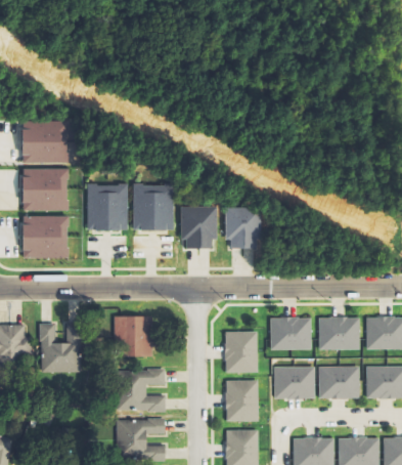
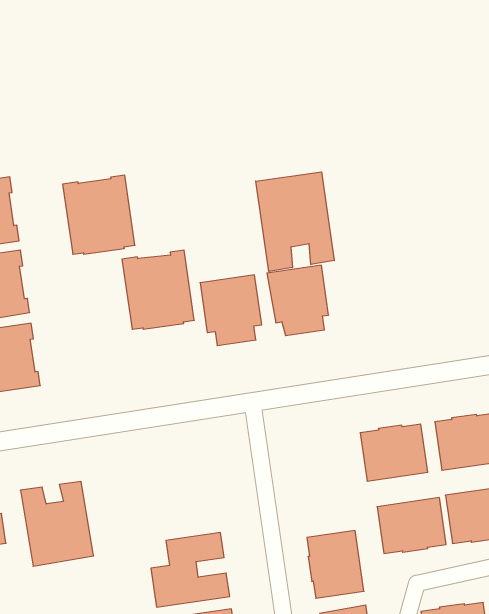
building: none -> [256,172,334,272]
building: [86,183,127,230] -> [63,175,135,254]
building: [119,315,155,355] -> none
building: [223,332,256,372] -> none

